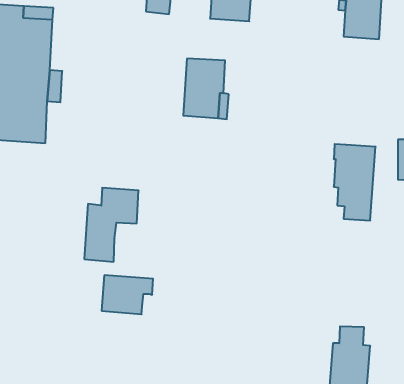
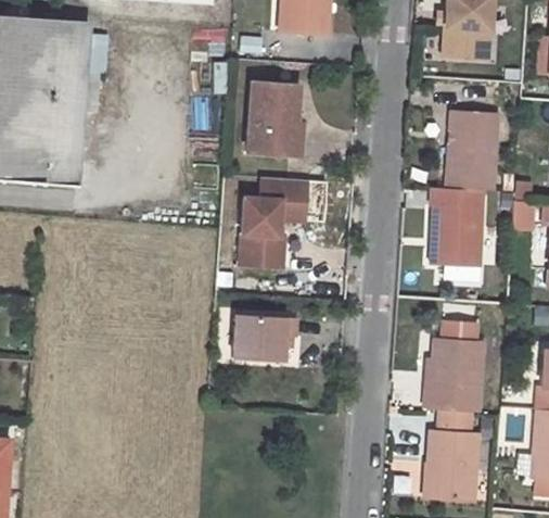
building: none -> [447,110,499,190]
building: [84,188,139,262] -> [241,177,307,267]
building: none -> [423,337,482,410]
building: [102,275,153,314] -> [237,314,299,362]

